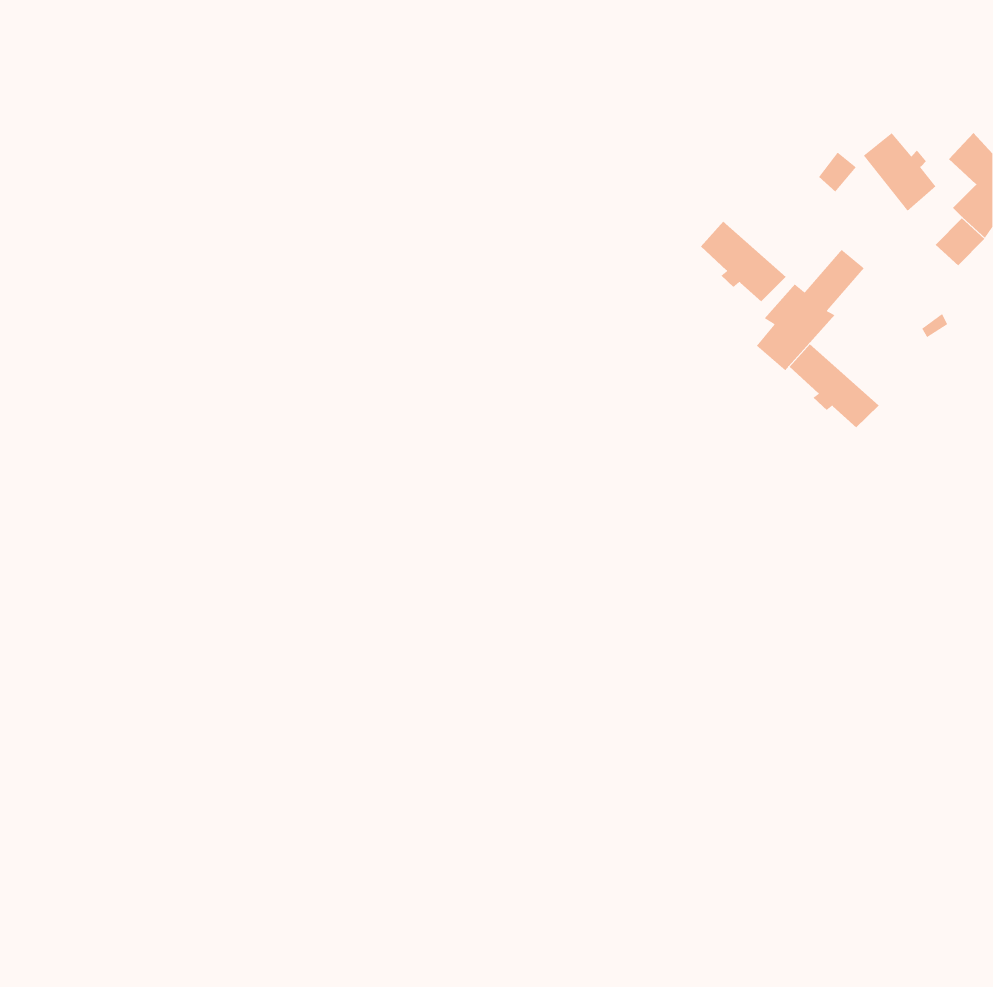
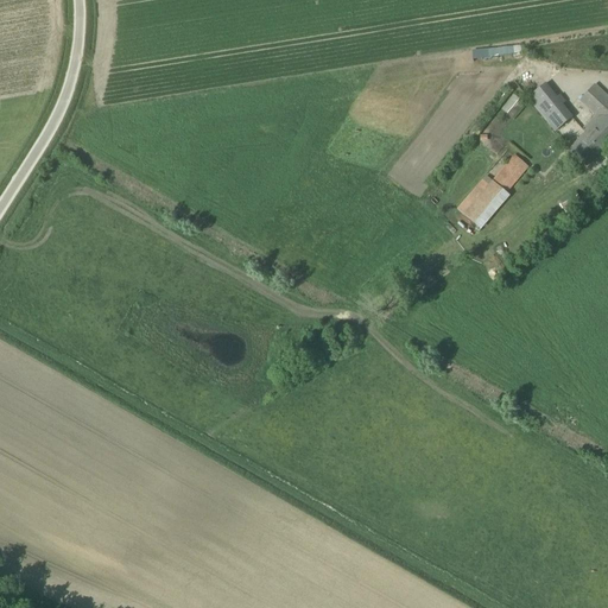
building: [700,221,786,302] -> none
building: [789,344,879,428] -> none

